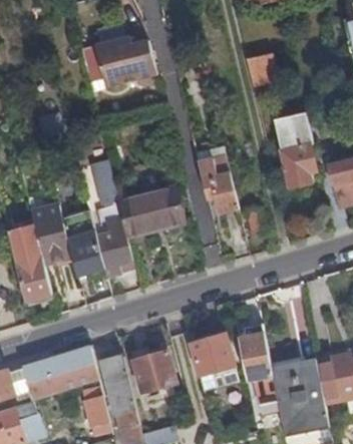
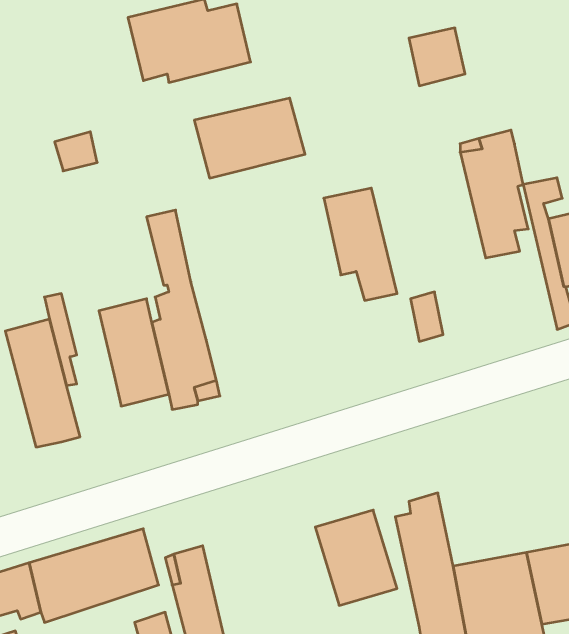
building: [117,188,183,236] -> [194,98,305,178]
building: [41,203,72,262] -> none
building: [133,352,176,392] -> none

